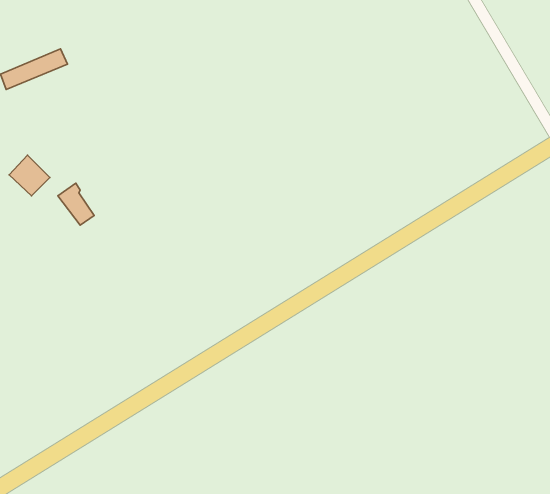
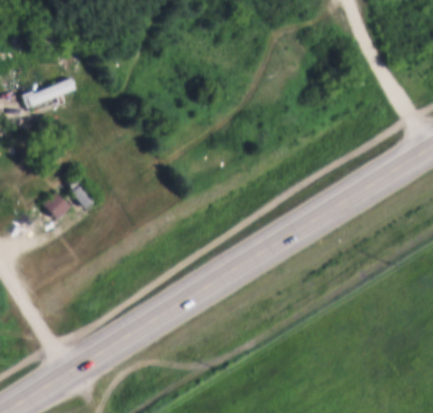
building: [9,155,50,196] -> [41,192,71,221]

